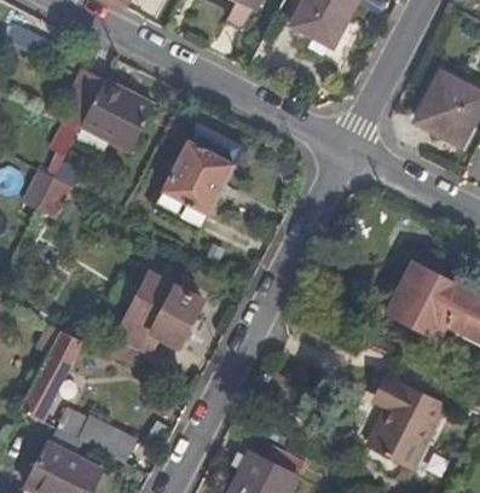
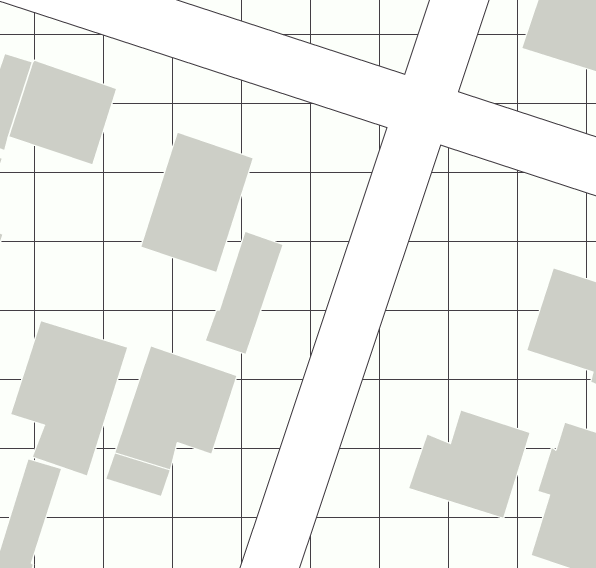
building: none -> [205,231,283,354]
building: none -> [10,320,128,476]
building: none -> [409,410,530,518]

